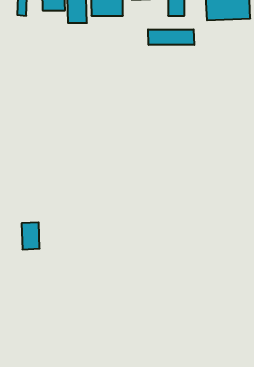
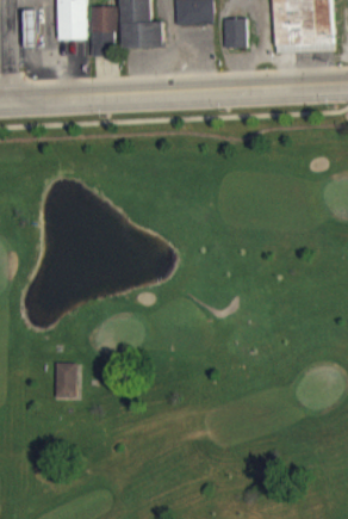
building: [148,29,194,45] -> none
building: [22,222,40,249] -> [55,362,79,397]

